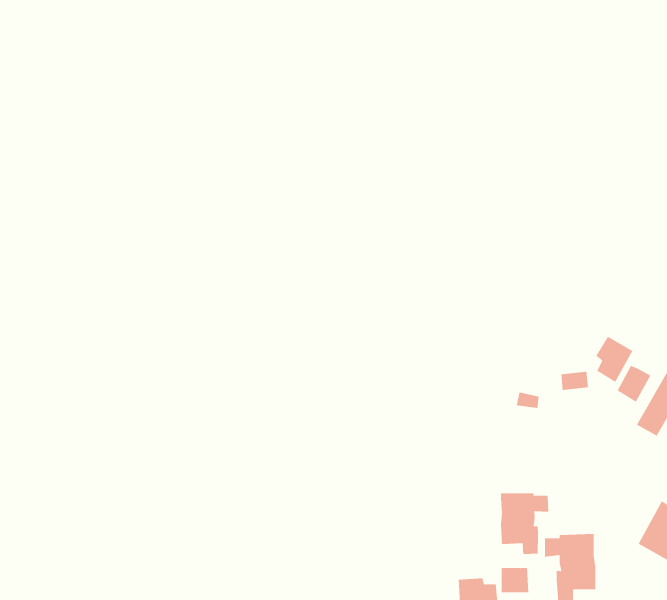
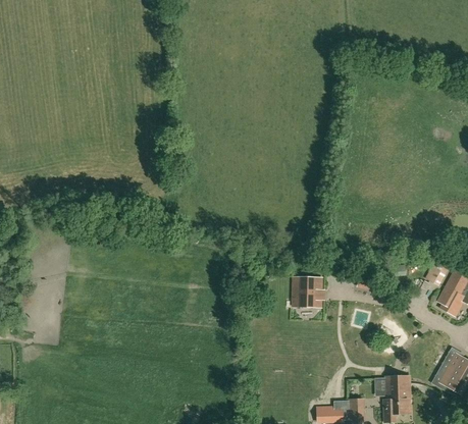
building: [596,336,633,382] -> none
building: none -> [292,276,321,307]
building: [500,493,549,555] -> none

